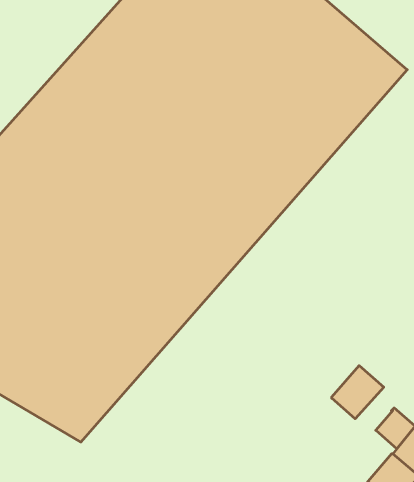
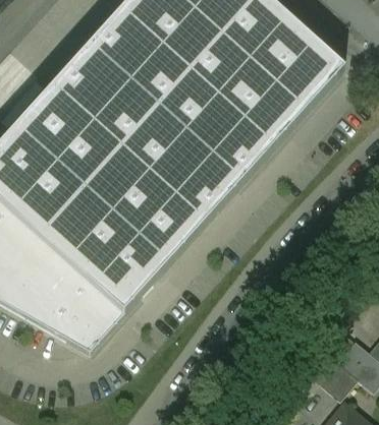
building: [332,366,384,419] -> none

